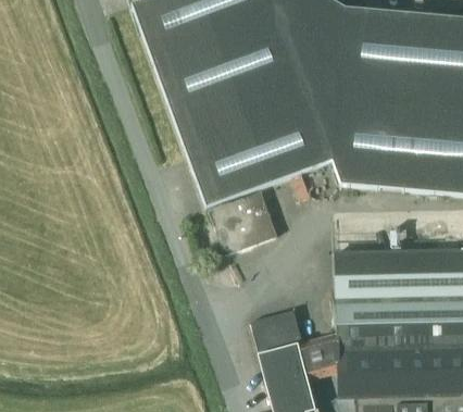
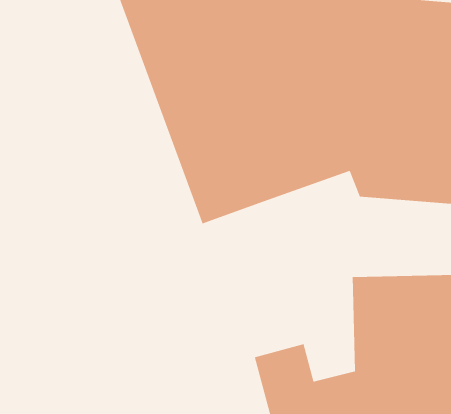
building: [209,188,276,251] -> none

